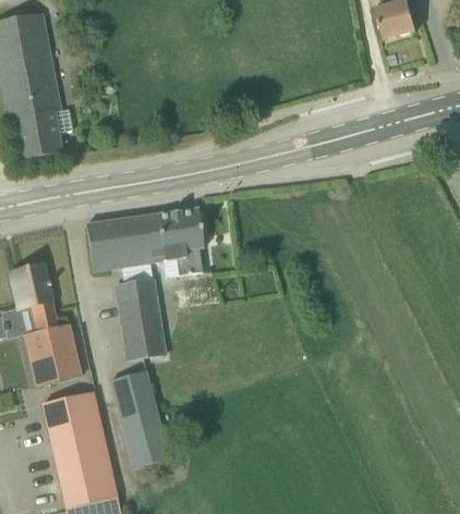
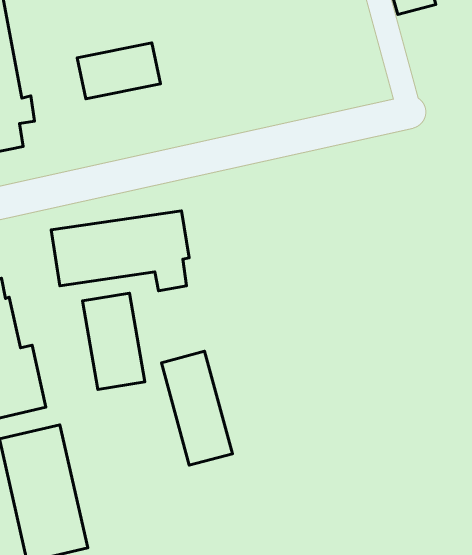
building: none -> [77,43,161,99]
building: [109,369,170,467] -> [161,351,232,465]

